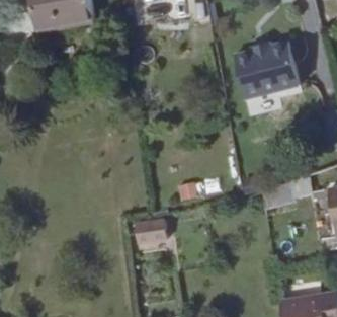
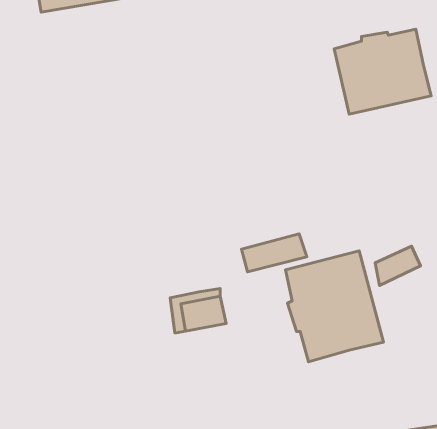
building: none -> [285,251,384,362]

